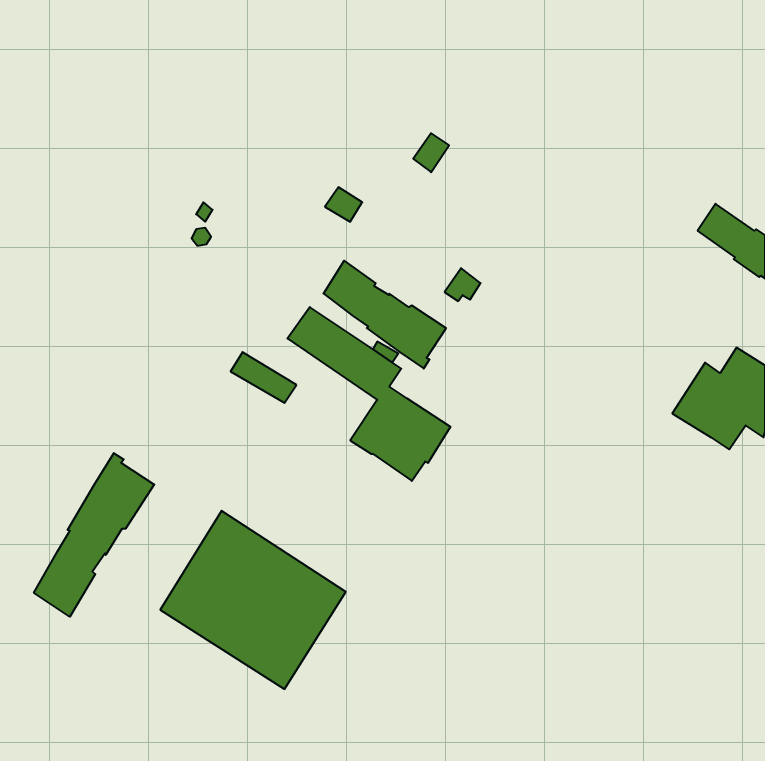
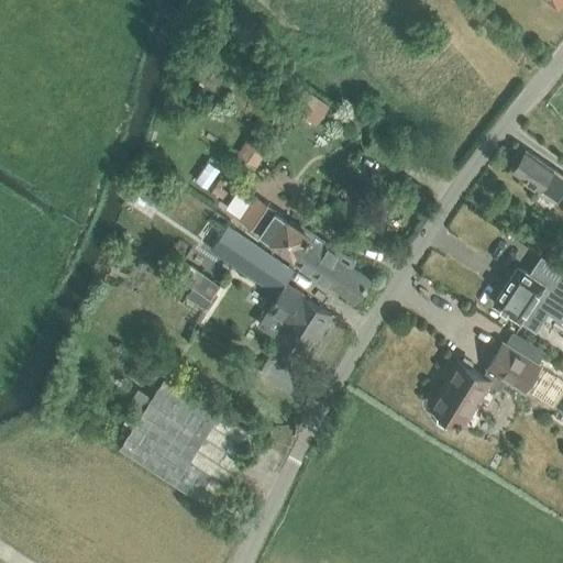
building: none -> [311,244,371,303]
building: [34,453,154,617] -> none
building: none -> [431,336,544,429]

